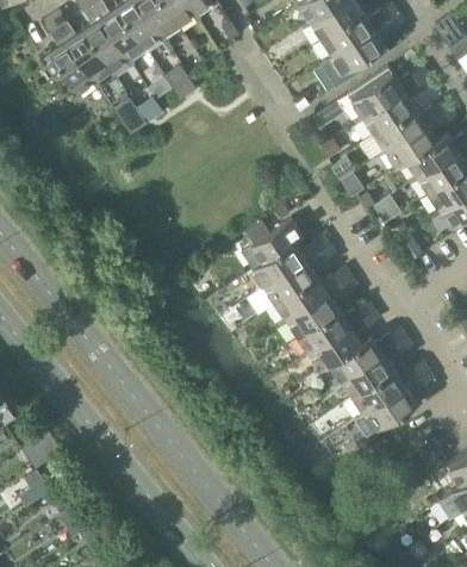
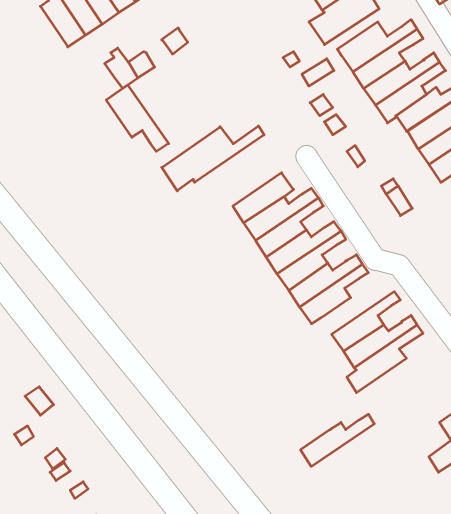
building: none -> [106,85,169,151]
building: none -> [162,126,264,191]
building: [330,329,404,381] -> [301,414,374,466]

